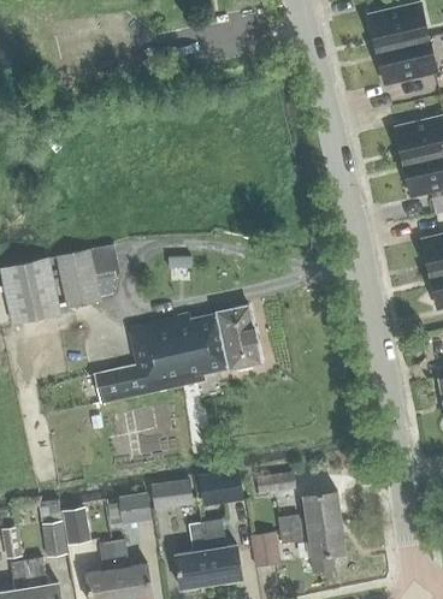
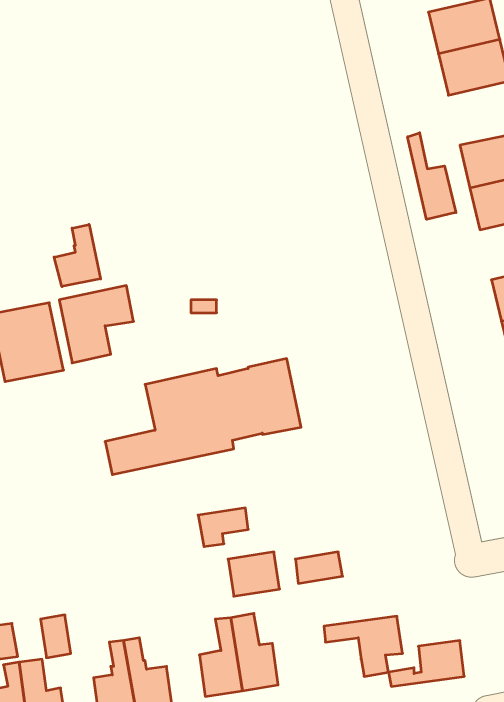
building: none -> [408,133,456,219]
building: none -> [54,224,101,287]
building: [149,479,191,511] -> [198,508,248,547]
building: [277,492,341,530] -> [388,641,464,686]
building: [118,493,150,526] -> none
building: [61,508,90,545] -> none
building: [250,532,278,567] -> none

